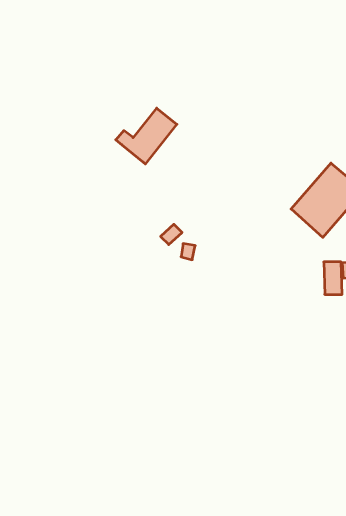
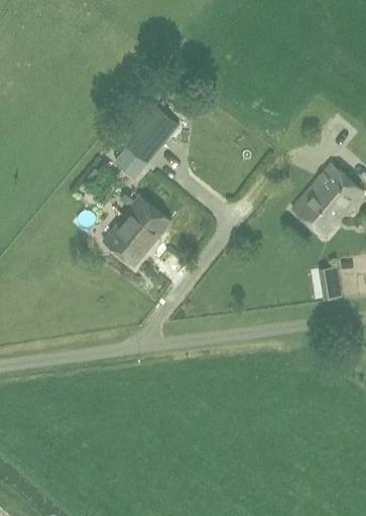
building: none -> [114,146,146,177]
building: none -> [103,197,170,267]

